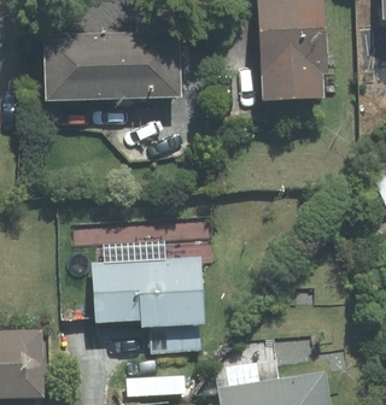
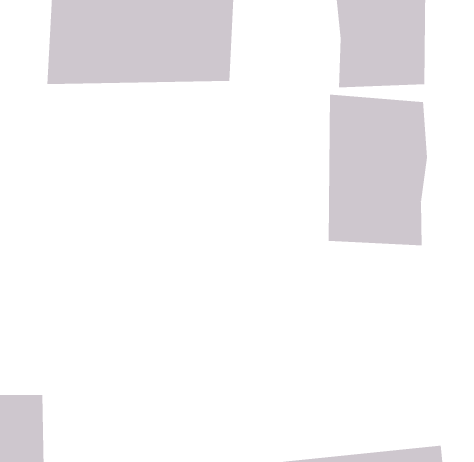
building: none -> [328,94,428,246]
building: [94,258,203,328] -> none

